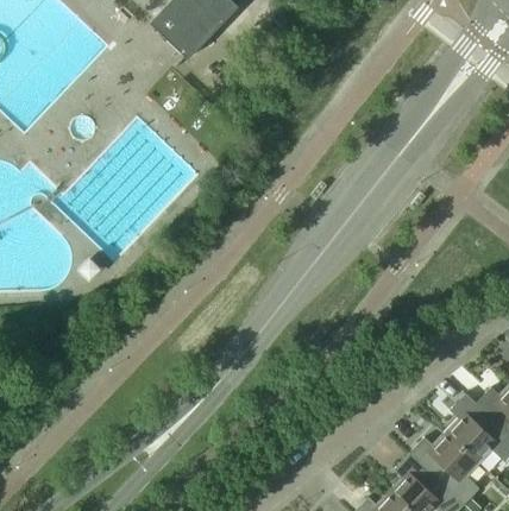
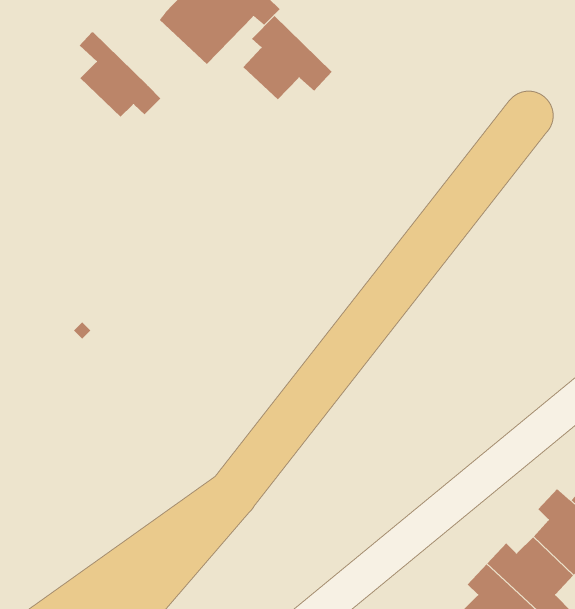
building: none -> [242,15,333,100]
building: none -> [79,31,161,118]

